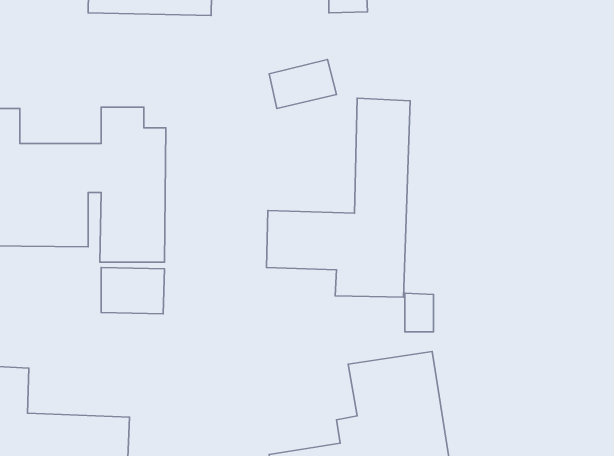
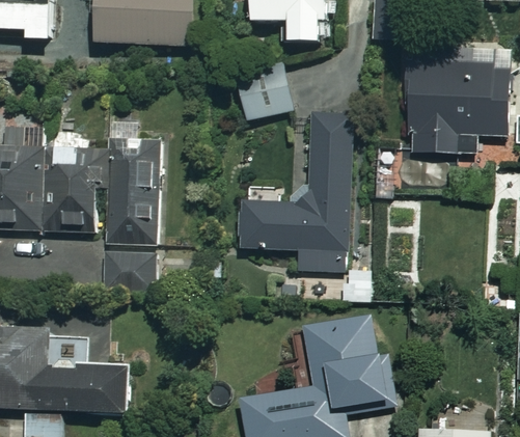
building: none -> [407,49,512,151]

